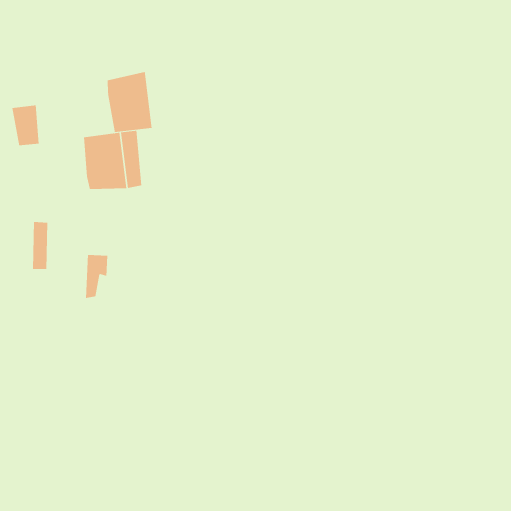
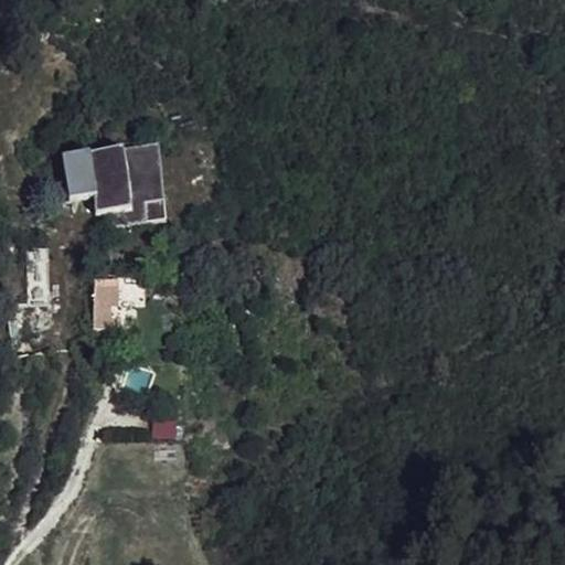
building: [107,71,152,133] -> none
building: [12,105,40,146] -> [64,151,95,196]

